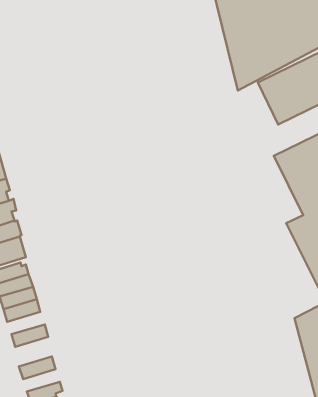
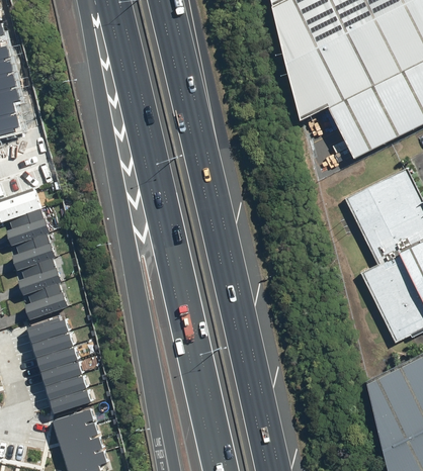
building: none -> [46,372,88,397]
building: none -> [55,408,96,434]
building: none -> [64,437,105,462]

